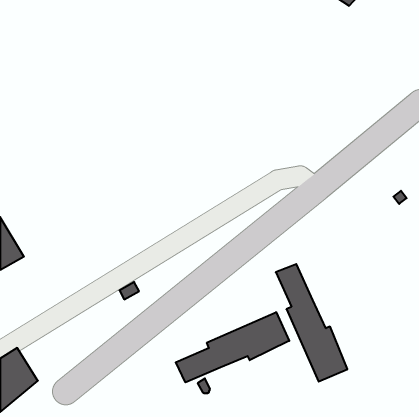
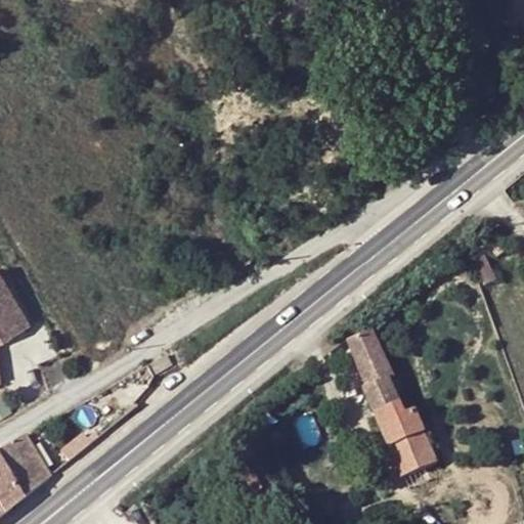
building: [176,312,289,382] -> none

